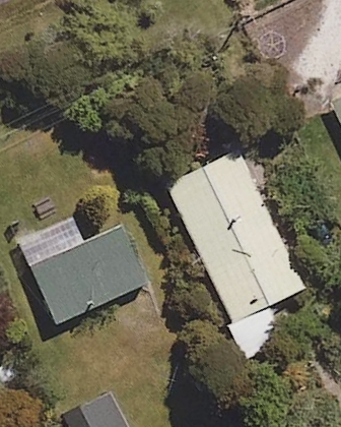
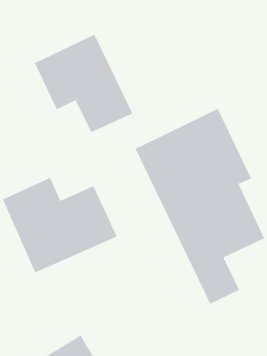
building: none -> [34,33,134,133]

